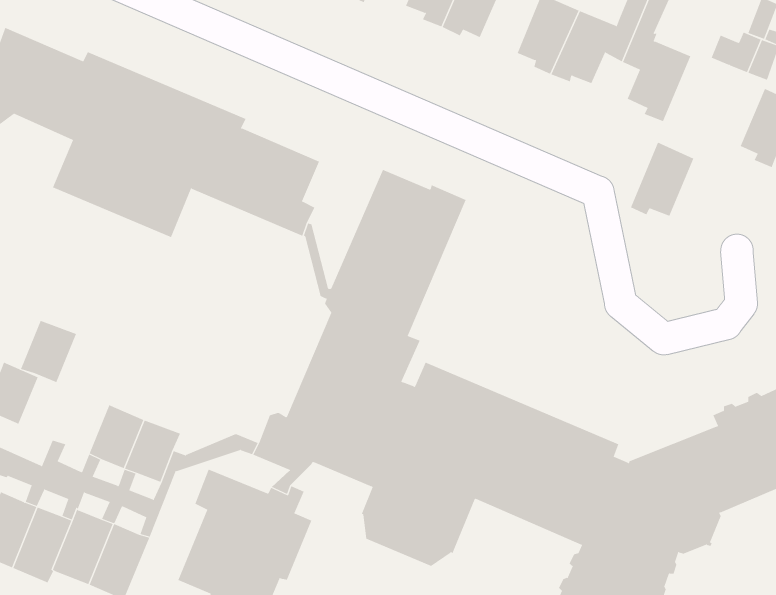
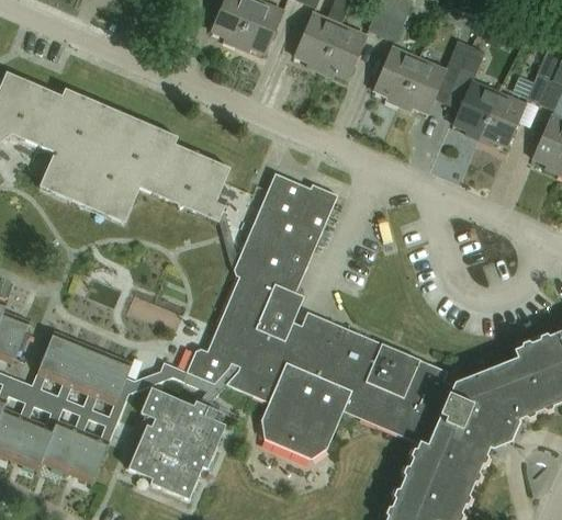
building: [630,142,694,217] -> [479,92,525,146]
building: [20,320,77,383] -> [40,332,80,377]

